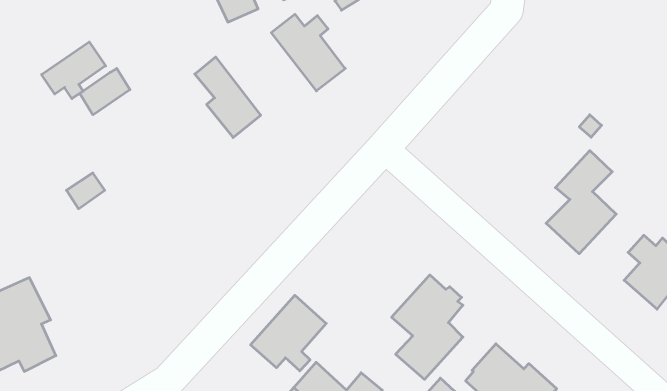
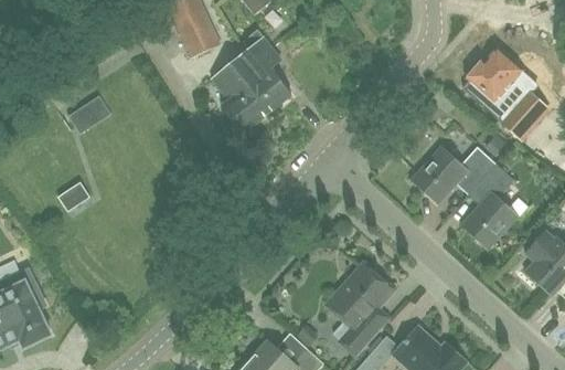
building: none -> [461,49,547,140]
building: [42,42,106,99] -> none
building: [195,57,261,138] -> [212,64,267,131]
building: none -> [409,145,495,203]
building: [251,295,326,371] -> none

